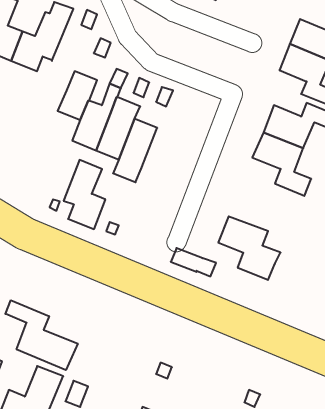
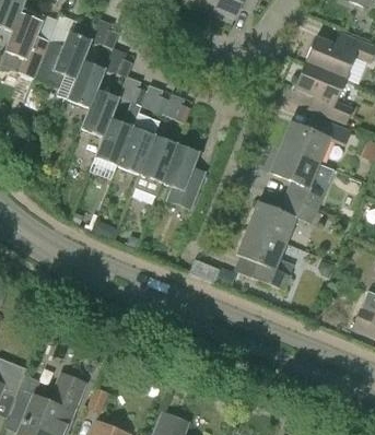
building: none -> [67,60,105,107]
building: [64,160,105,229] -> [162,143,202,210]
building: none -> [246,196,317,243]
building: [5,300,78,370] -> none

